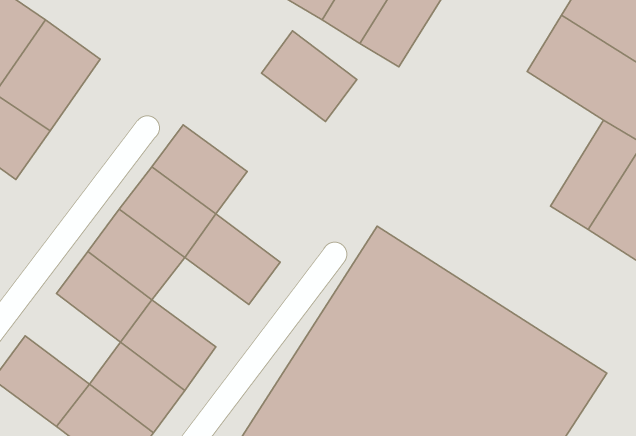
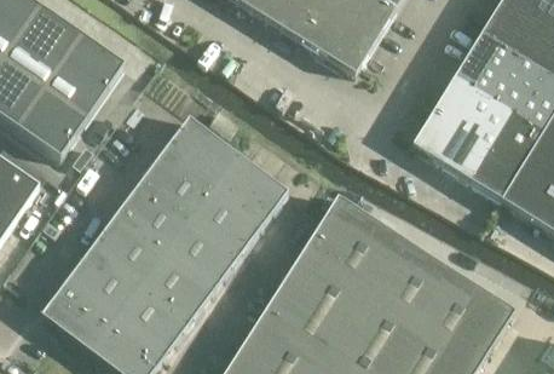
building: [261,31,357,122] -> [214,153,288,223]
building: none -> [412,75,514,179]
building: none -> [165,219,240,288]
building: none -> [67,247,140,317]

